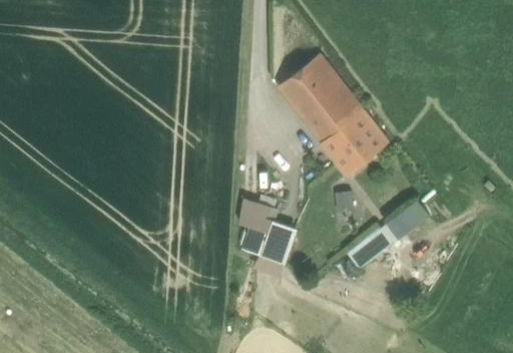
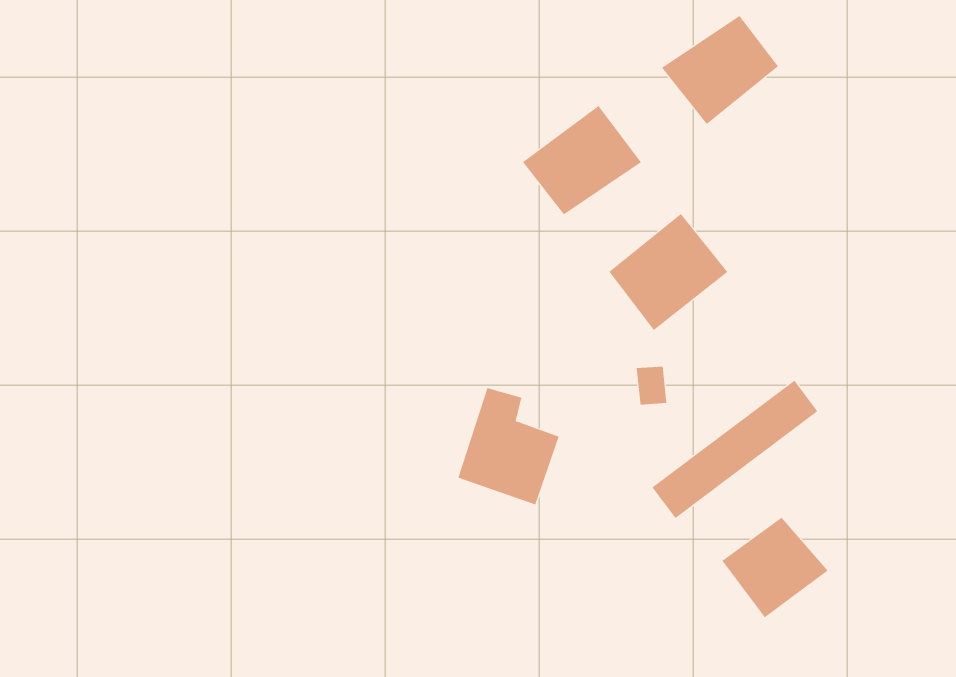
building: [300,87,360,143] -> [661,15,779,125]
building: none -> [722,517,828,618]

